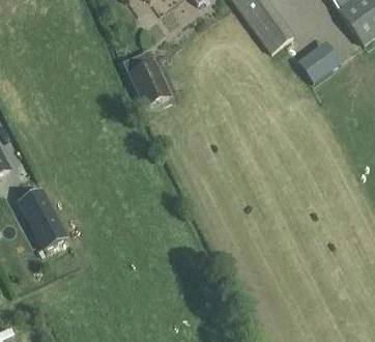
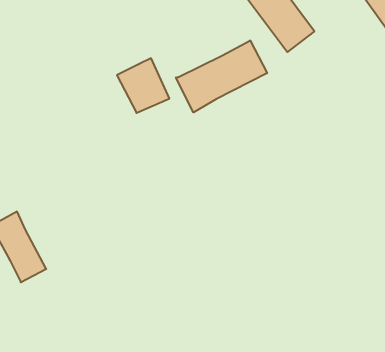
building: none -> [176,40,267,112]
building: [298,41,341,80] -> none

